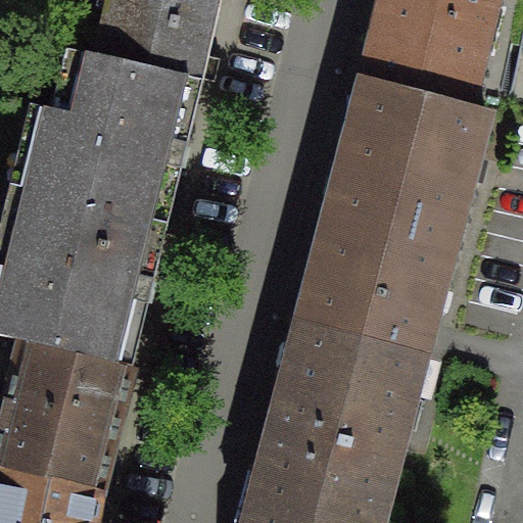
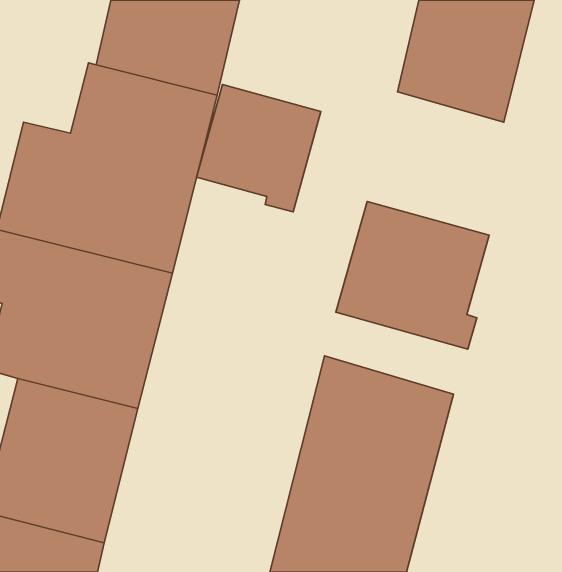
building: none -> [197,85,321,212]
building: [335,84,477,215] -> none

